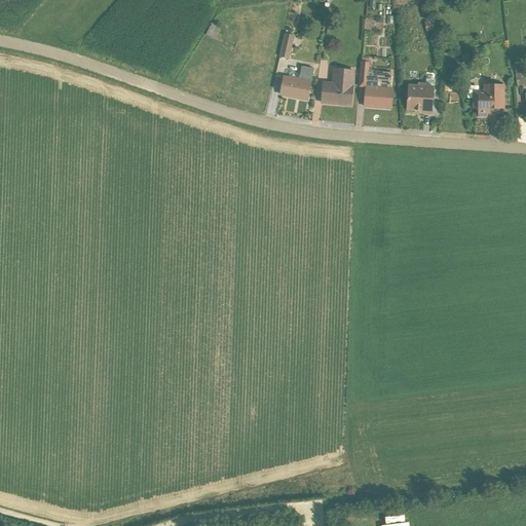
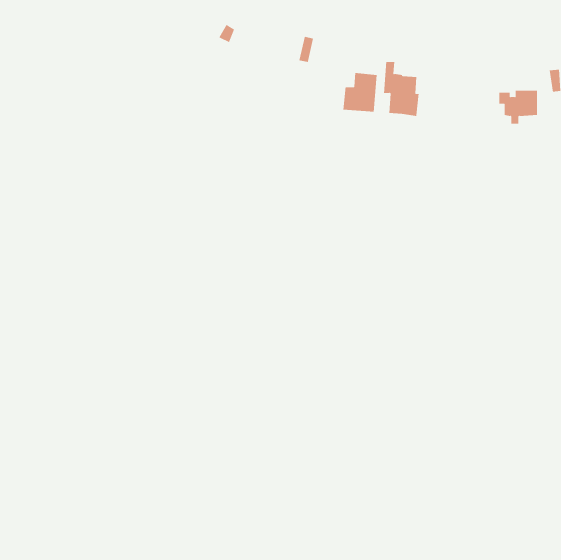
building: [279,66,312,100] -> none
building: [406,78,433,114] -> none

